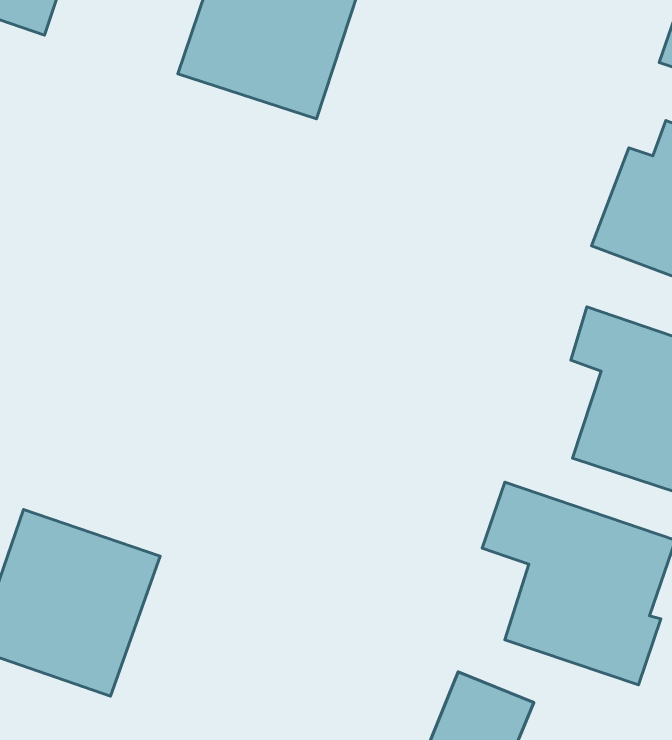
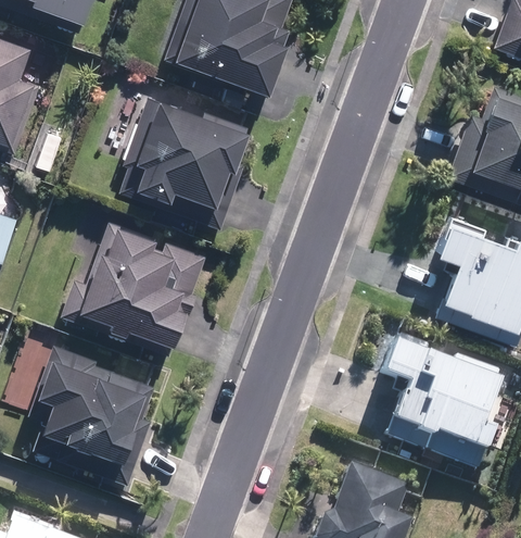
building: none -> [122,96,249,223]
building: none -> [75,220,202,351]

